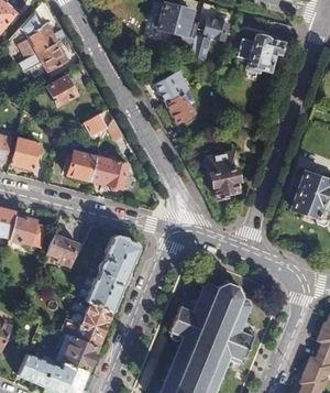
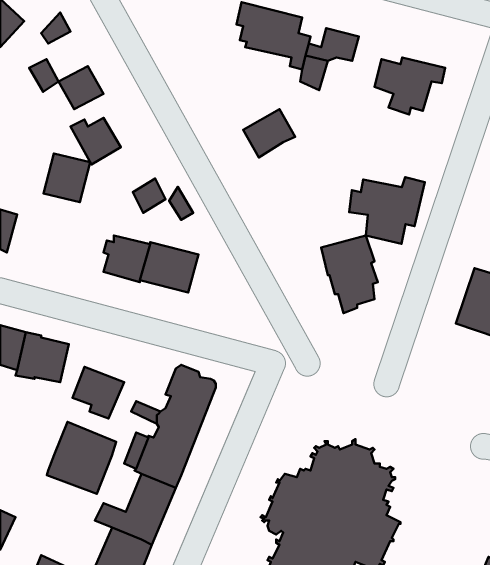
building: [29,24,57,53] -> none
building: [166,91,194,123] -> none
building: none -> [349,177,425,244]
building: [11,138,41,168] -> [44,154,90,202]
building: none -> [47,422,116,494]

